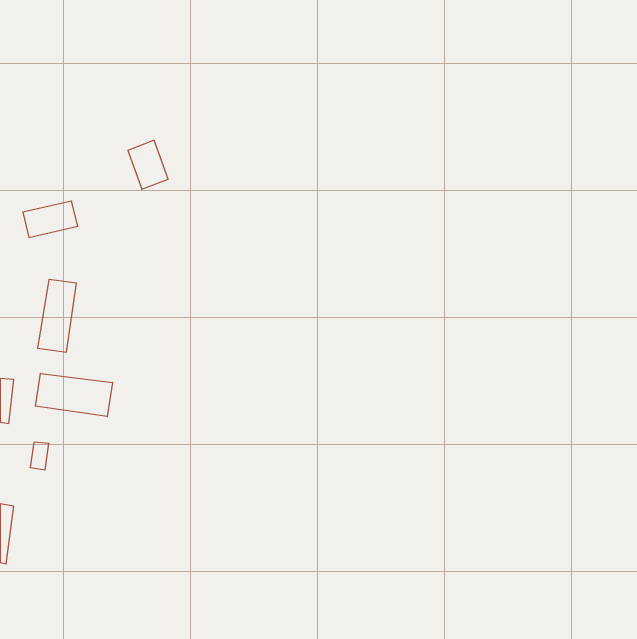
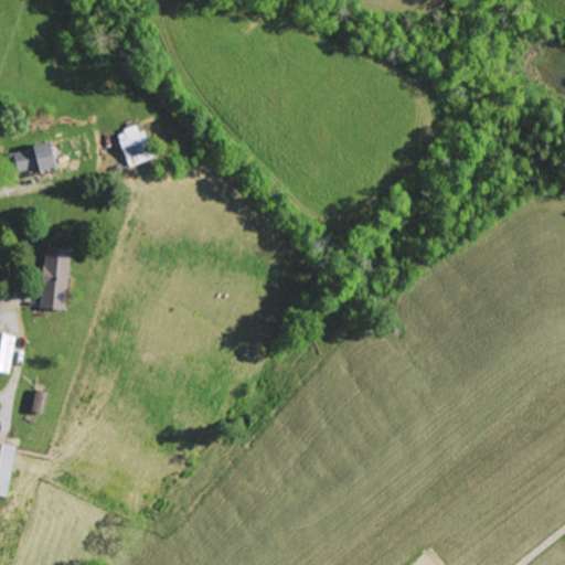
building: [23,201,78,237] -> [8,141,56,173]
building: [35,373,113,417] -> none

